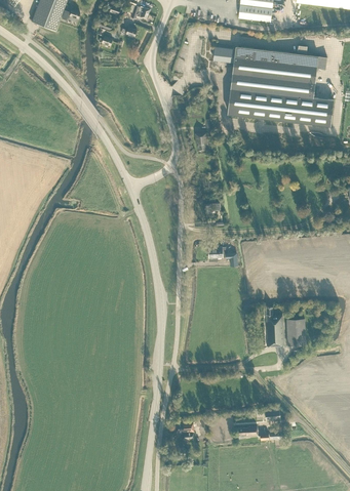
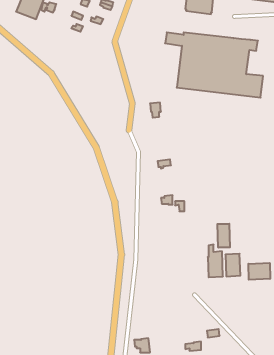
building: none -> [217,224,230,248]
building: none -> [248,263,270,280]

